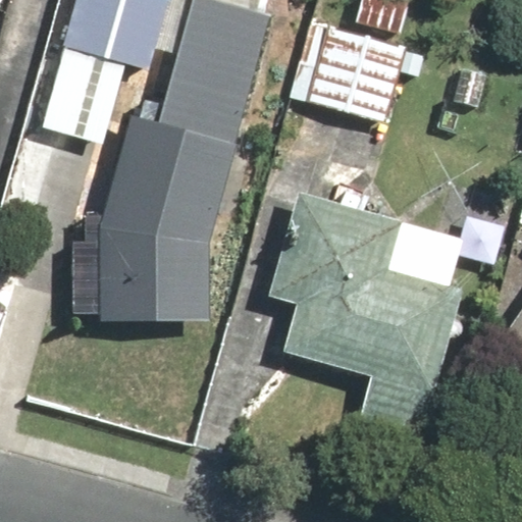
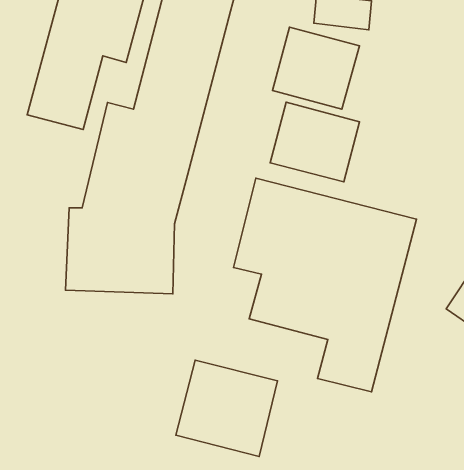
building: none -> [270,102,359,182]
building: none -> [176,360,277,456]

